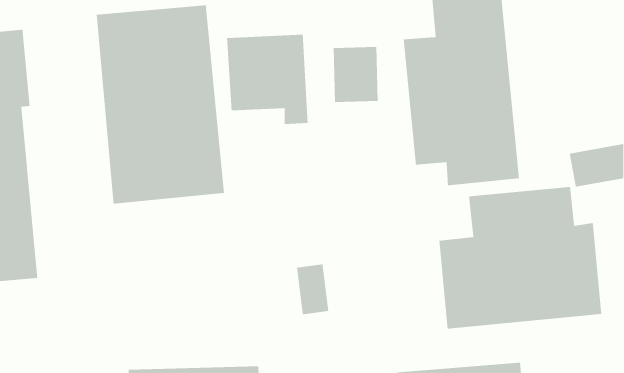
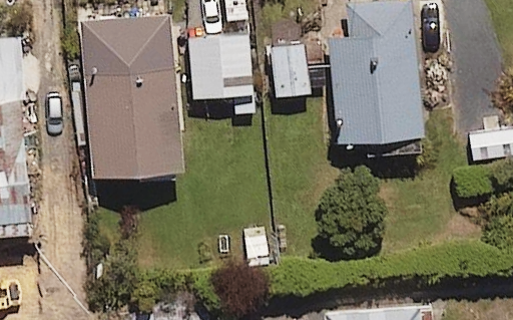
building: [439,186,602,329] -> none

